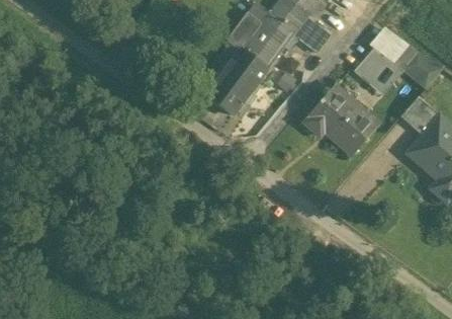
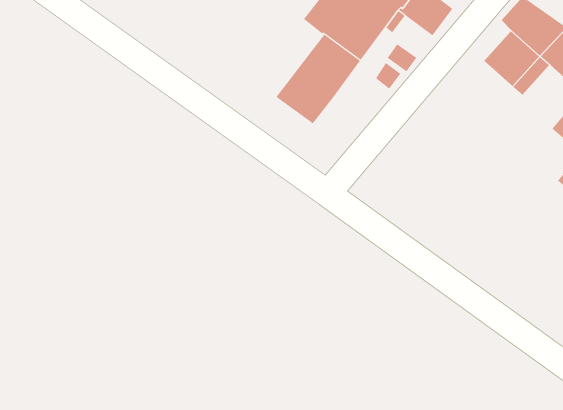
building: [303,85,375,153] -> none

